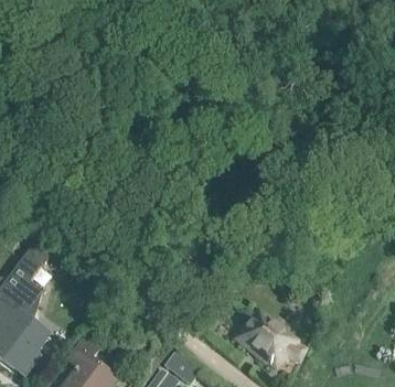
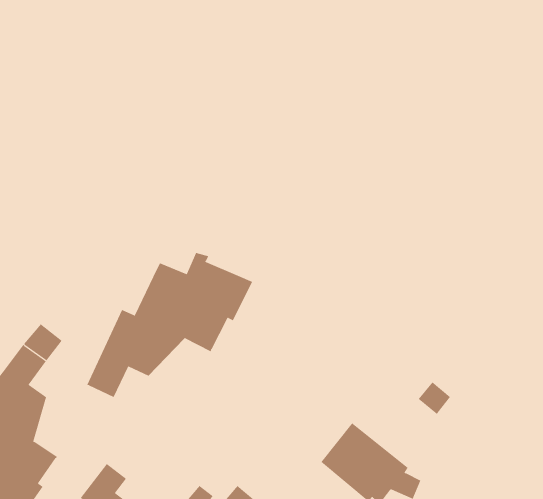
building: none -> [86,252,253,398]

